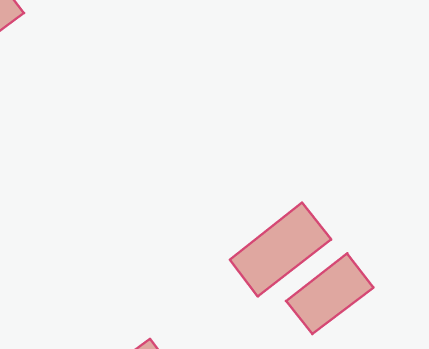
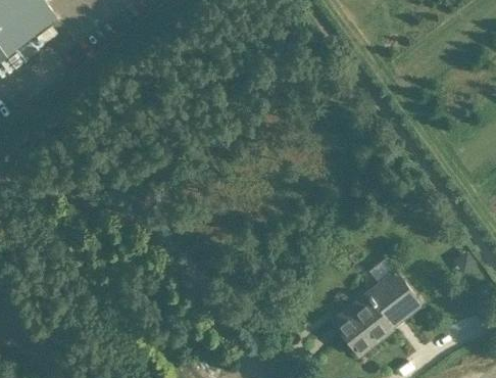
building: [230,203,331,296] -> none

